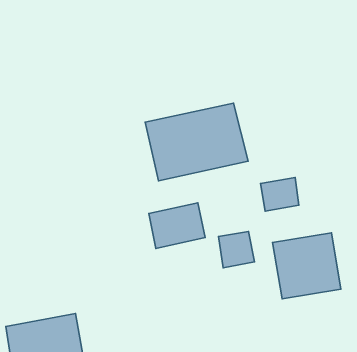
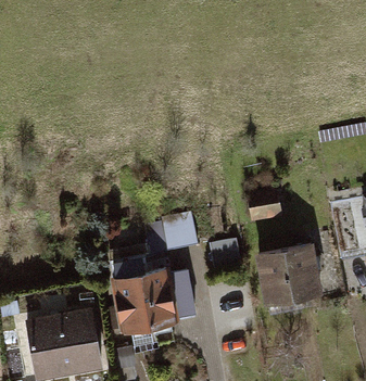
building: [145,103,248,181] -> none
building: none -> [101,269,192,332]

